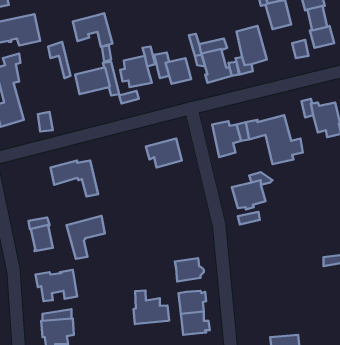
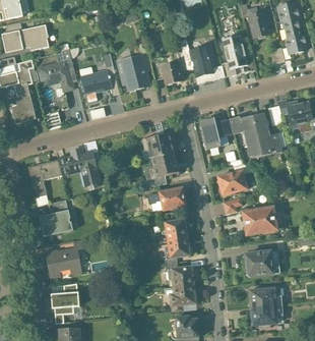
building: [73,13,112,47] -> [39,61,73,91]
building: none -> [151,153,179,177]
building: none -> [161,186,187,210]
building: [67,216,105,259] -> [28,159,62,196]
building: none -> [243,206,276,234]
building: none -> [165,220,189,241]
building: none -> [245,250,278,277]
building: [133,291,169,324] -> none
building: none -> [250,288,275,307]

